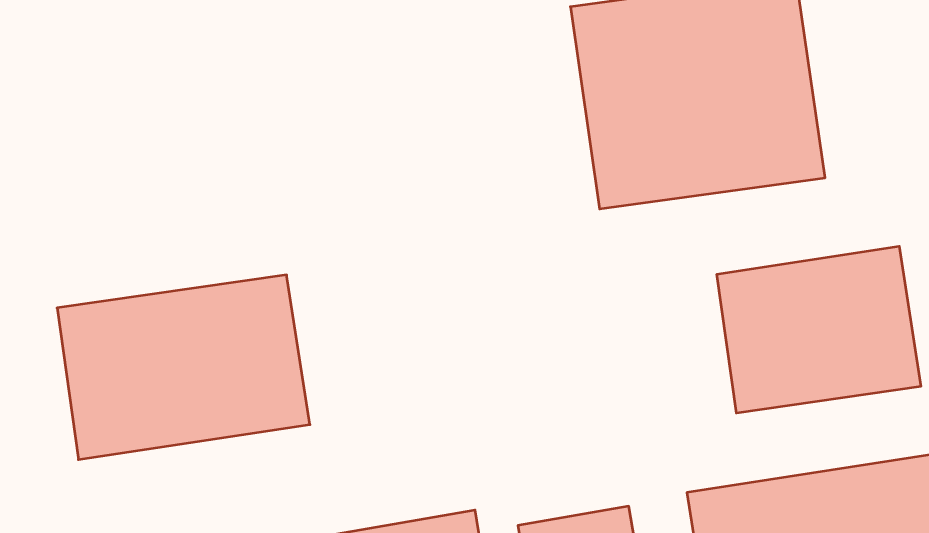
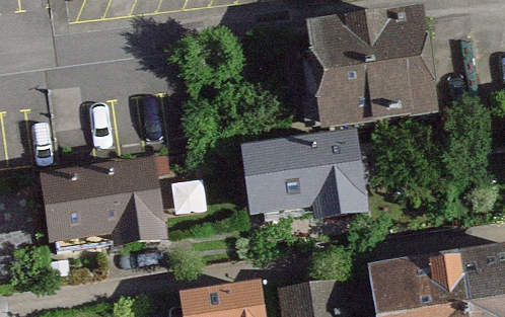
building: none -> [234,129,370,221]
building: [717,246,921,413] -> none

